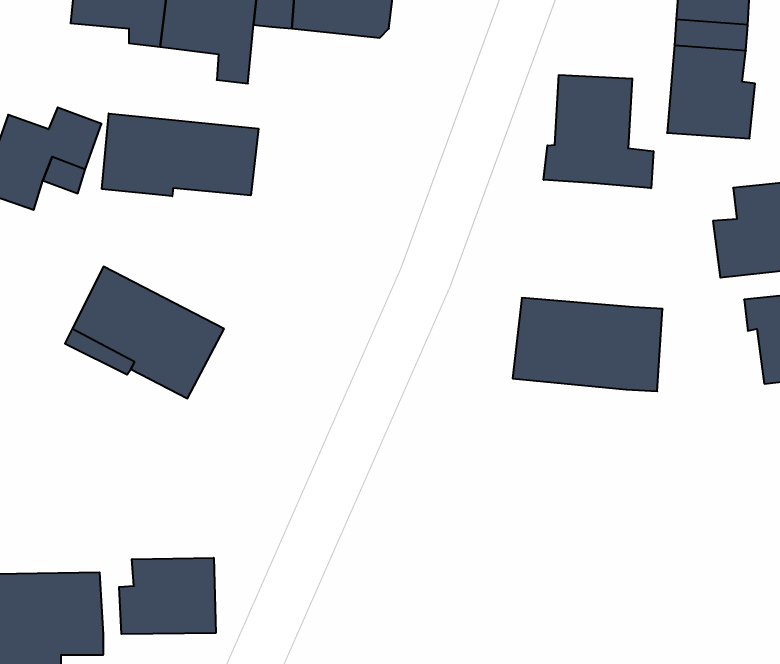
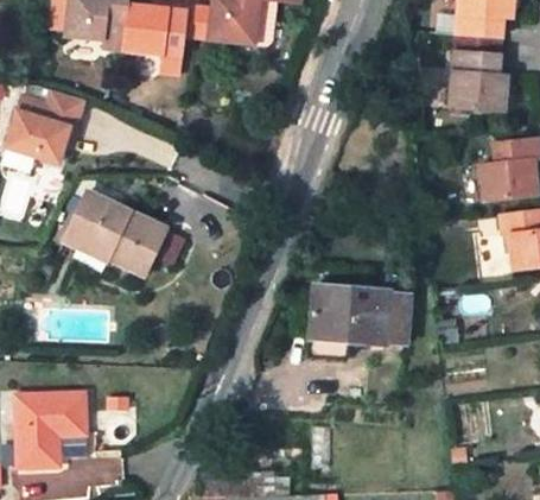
building: [544,75,653,188] -> none
building: [102,113,258,196] -> none
building: [513,298,663,391] -> [309,283,406,343]
building: [119,558,216,634] -> none

